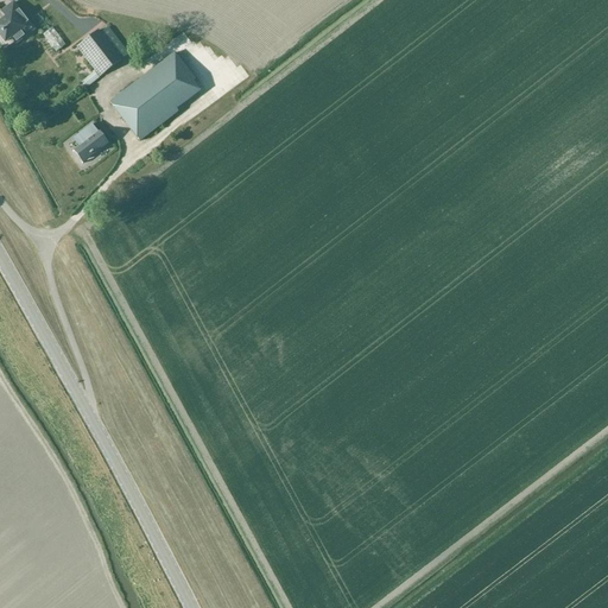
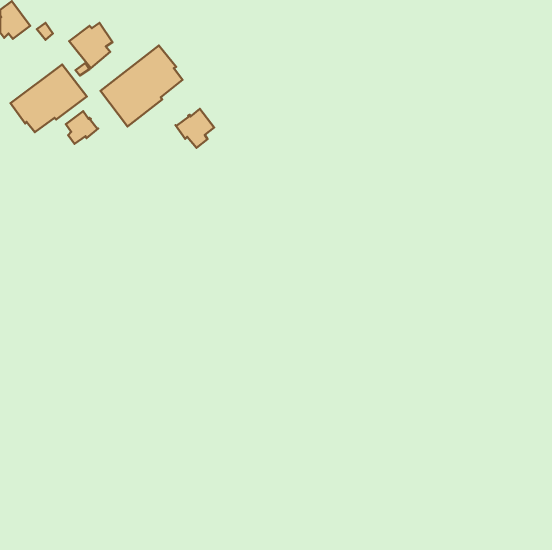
building: none -> [11,65,87,132]
building: none -> [176,109,214,148]

